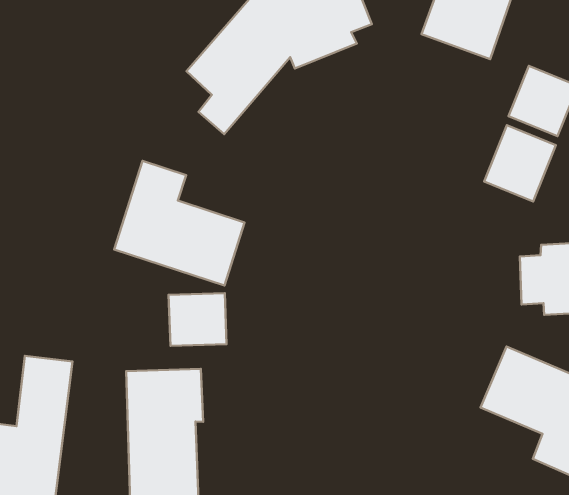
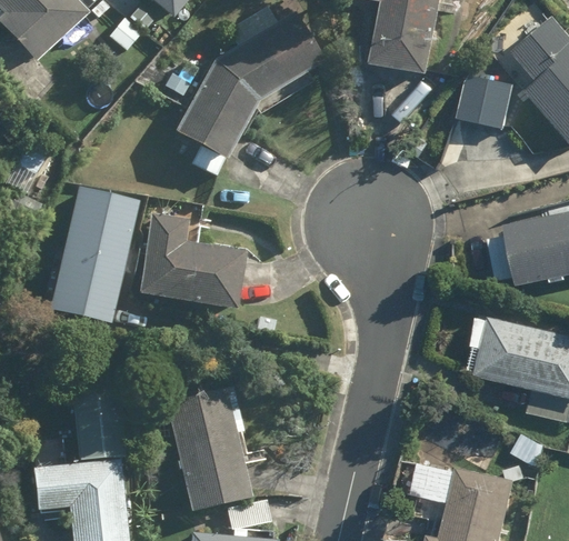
building: none -> [44,183,139,323]
building: [484,125,556,201] -> none
building: [169,293,226,346] -> none

